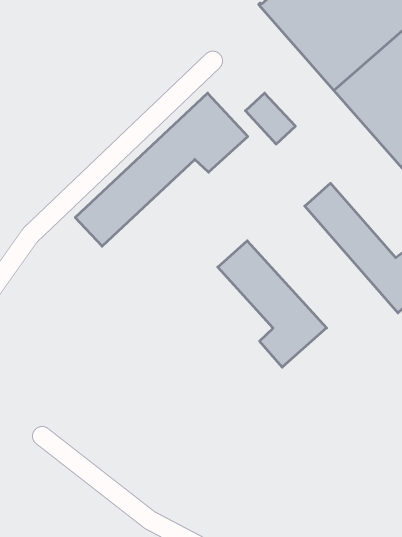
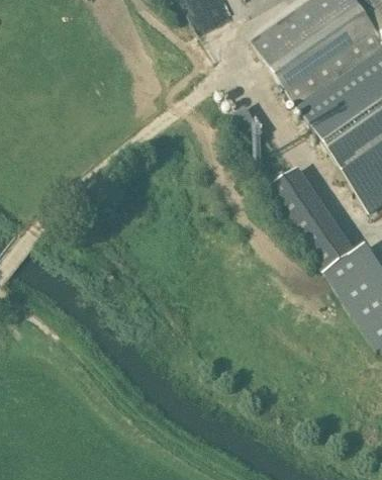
building: [75,93,248,246] -> none
building: [218,241,327,367] -> none

